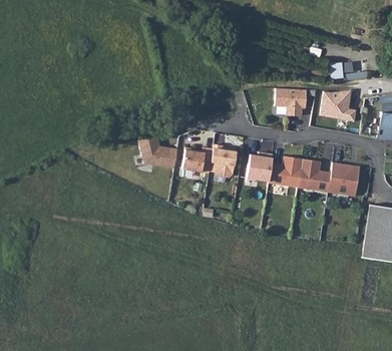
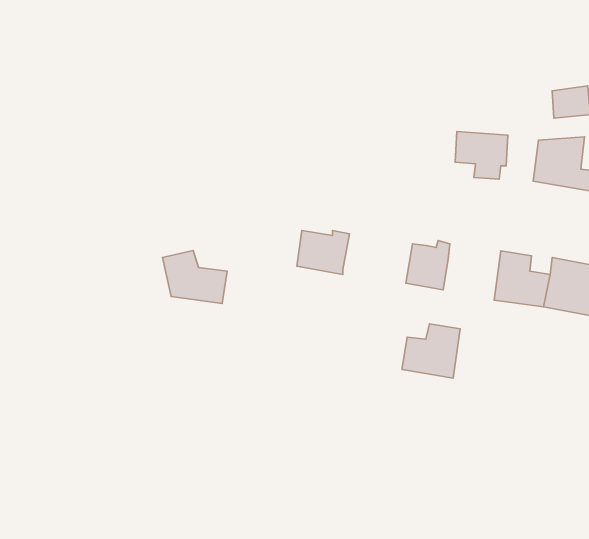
building: [138,135,176,166] -> [163,251,227,303]
building: [209,144,235,177] -> none
building: [268,155,302,188] -> [402,324,460,378]

